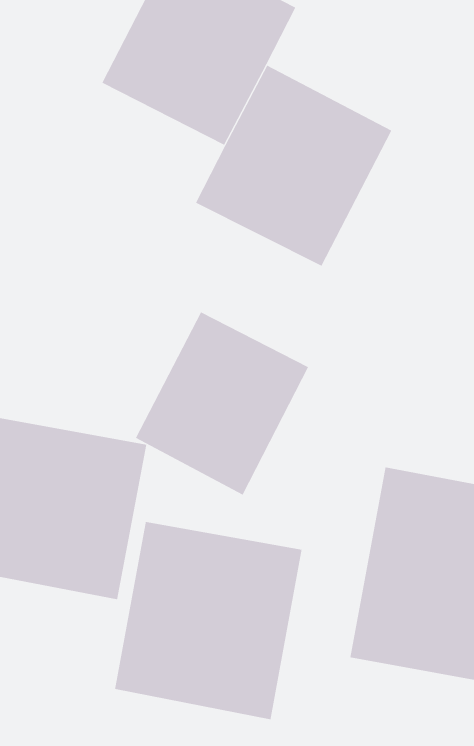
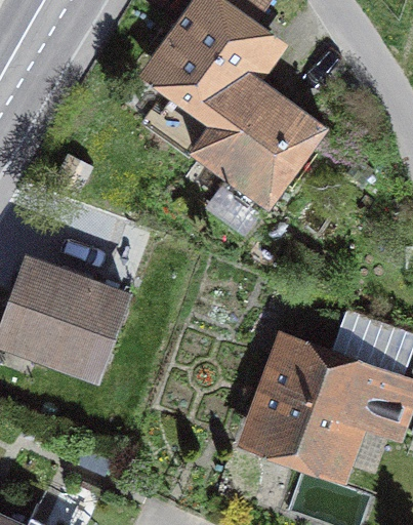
building: [135,311,309,495] -> none
building: [115,521,302,720] -> none

